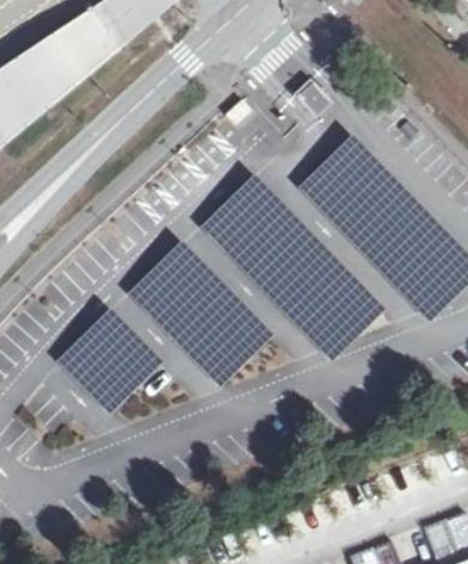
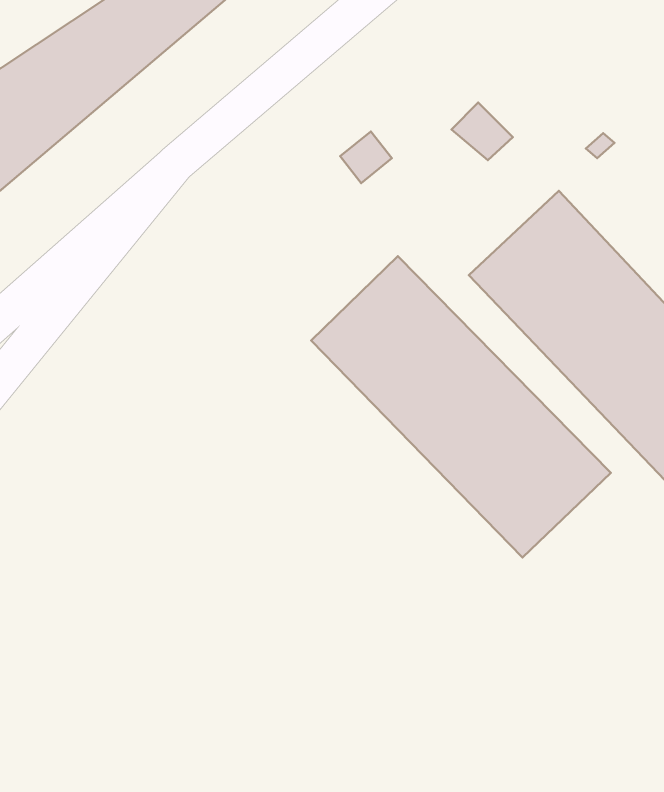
building: [130,240,276,389] -> none
building: [57,305,167,415] -> none

